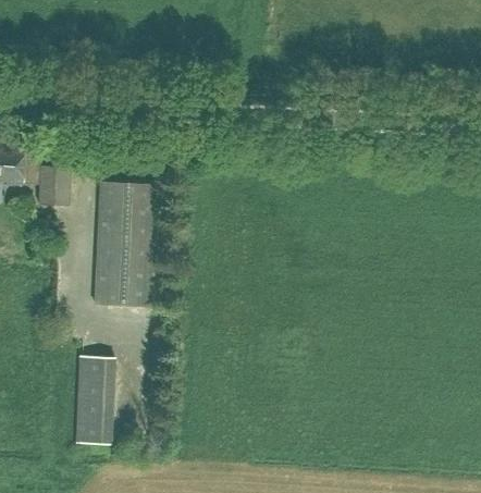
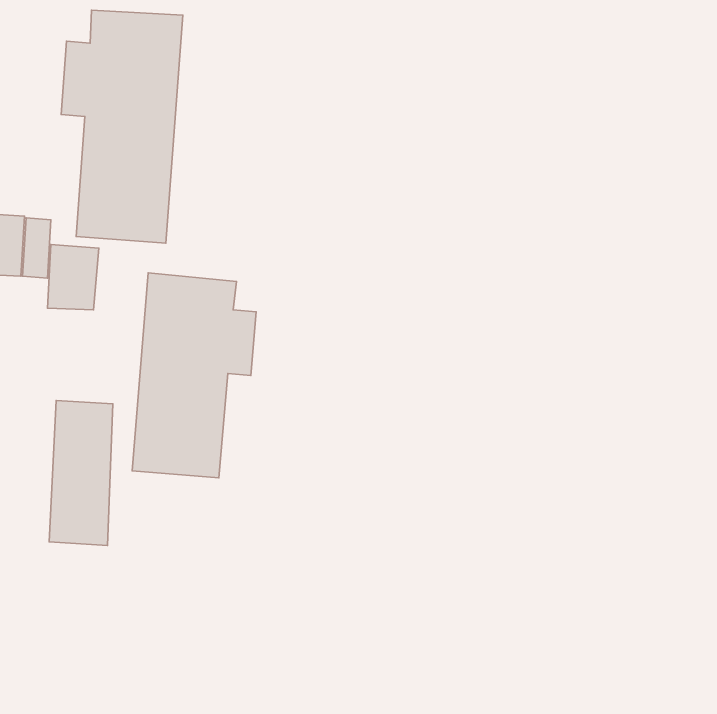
building: none -> [61,10,183,243]
building: [76,356,115,445] -> [49,400,113,545]

